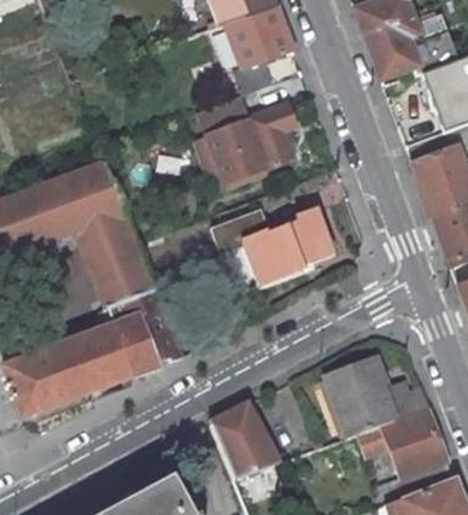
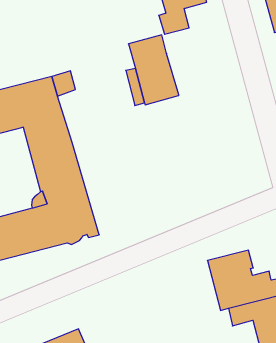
building: [248,103,297,168] -> none
building: [212,207,333,282] -> none
building: [211,402,279,478] -> none

